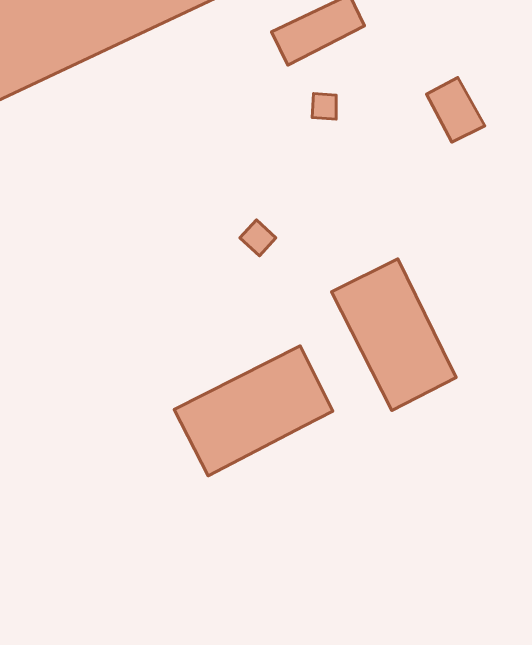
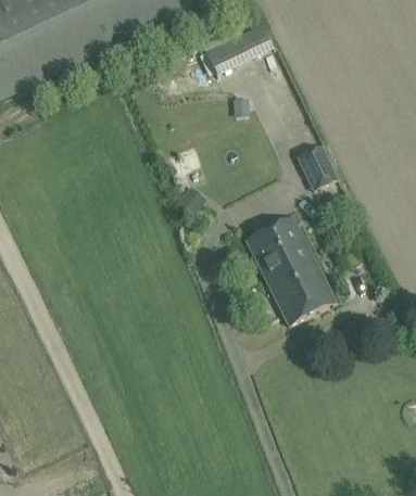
building: [426,78,485,142] -> [294,141,337,188]
building: [174,346,333,476] -> none

